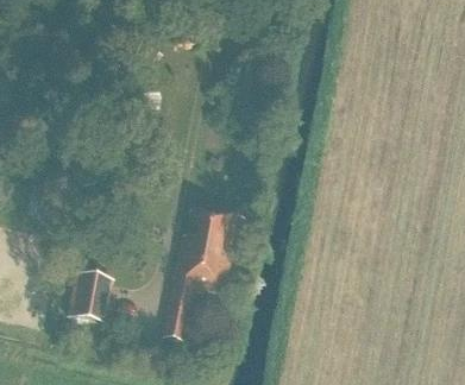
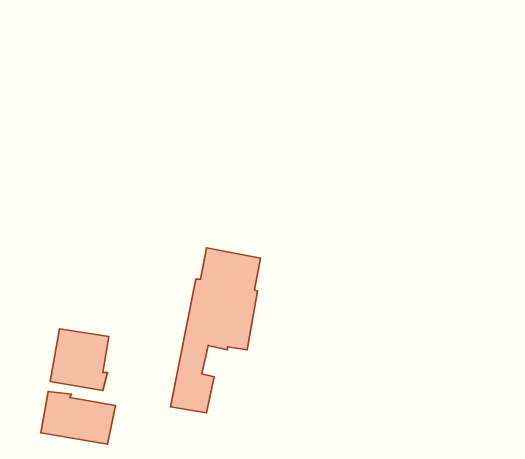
building: none -> [41,391,115,444]

